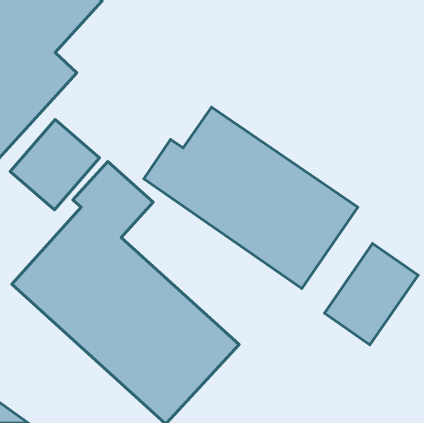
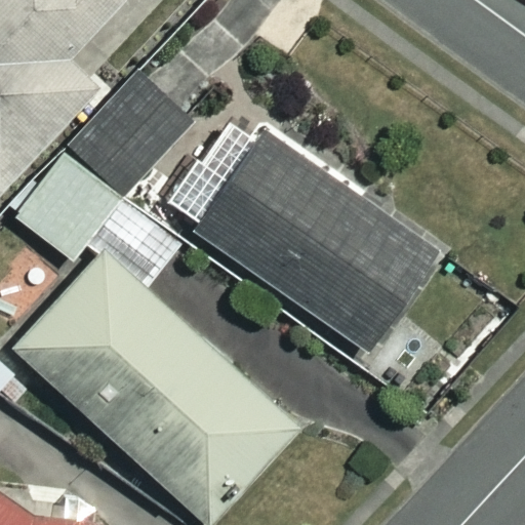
building: none -> [68,72,188,194]
building: [324,244,418,345] -> none

